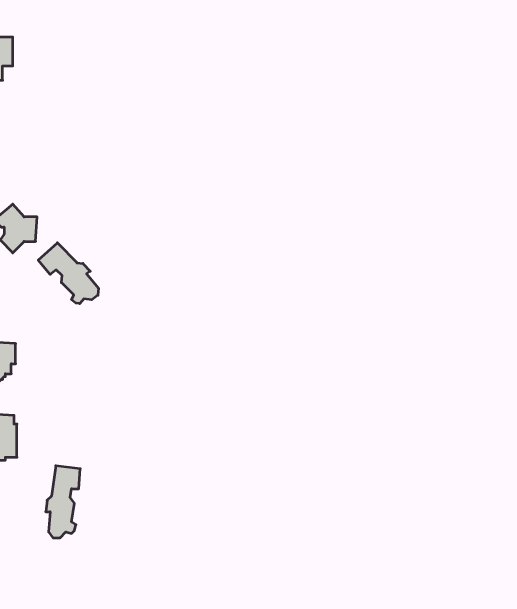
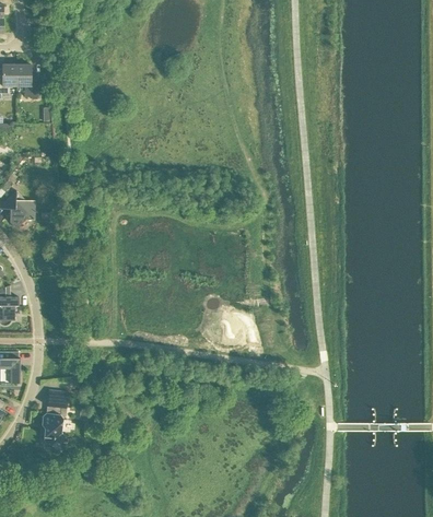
building: none -> [15,64,36,99]
building: [38,243,98,304] -> none

